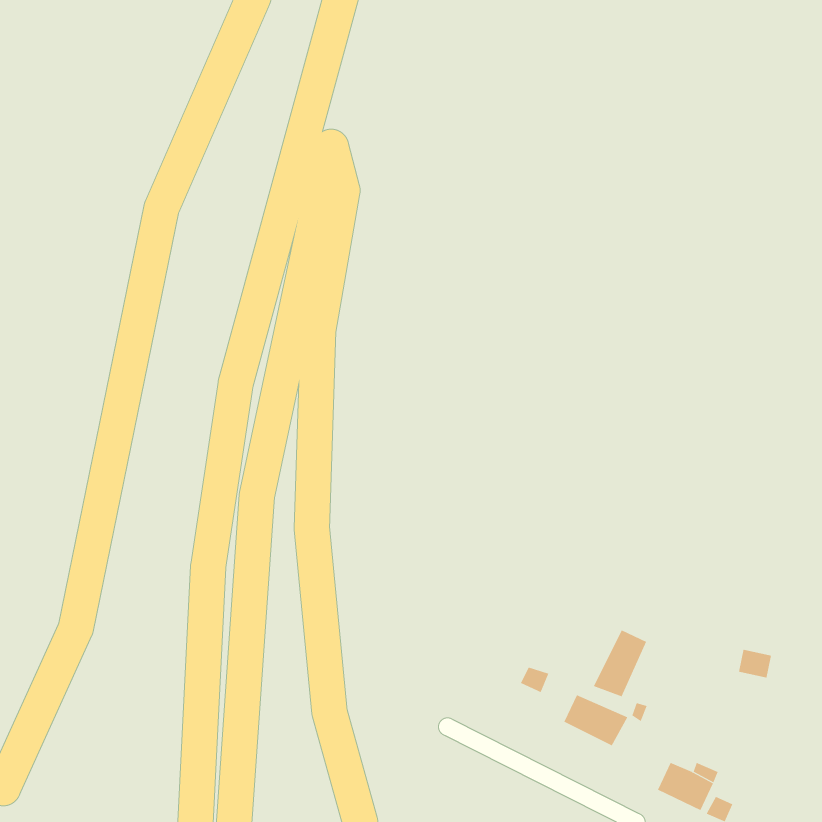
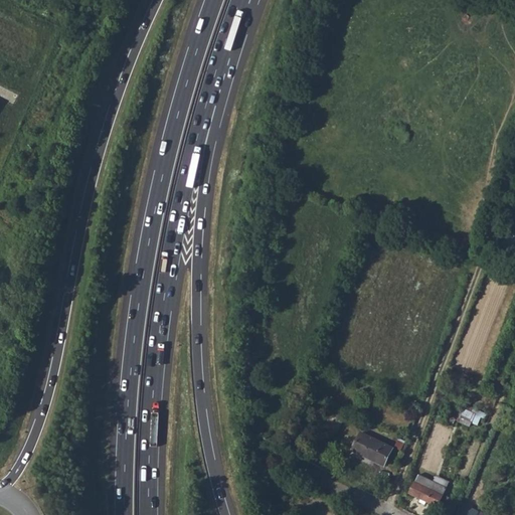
building: [593,629,647,697] -> none

